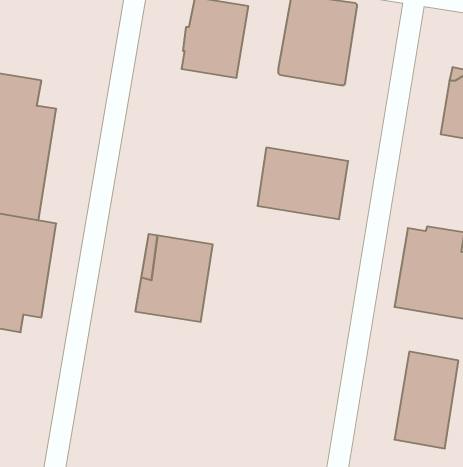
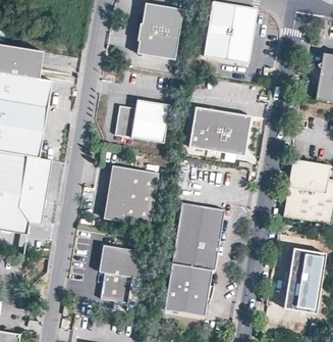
building: none -> [114,99,169,142]
building: none -> [164,202,224,315]
building: none -> [100,244,146,303]

